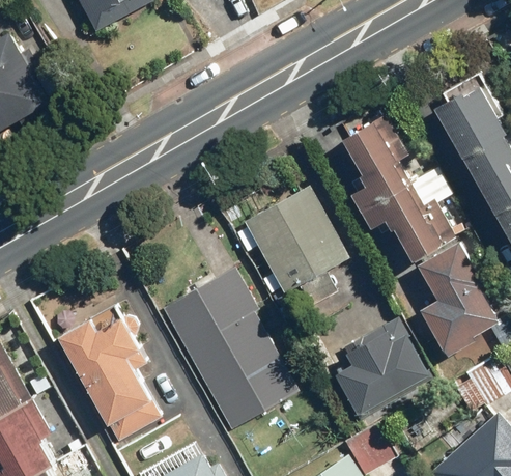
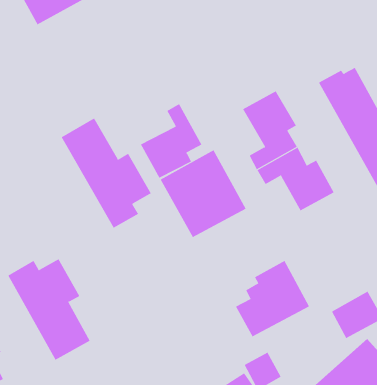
building: none -> [140,103,202,179]
building: none -> [61,118,152,228]
building: [414,237,498,357] -> none
building: [161,269,299,431] -> none

